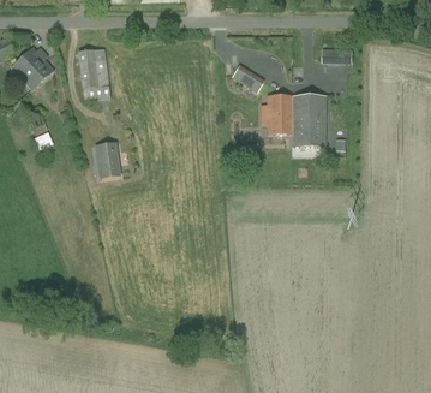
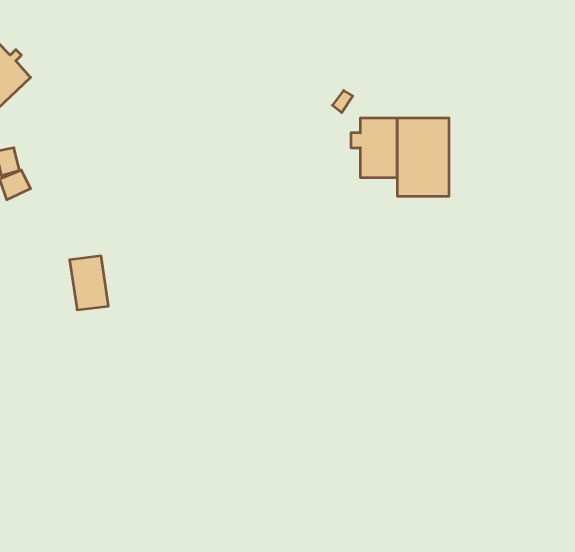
building: [78,49,109,89] -> none
building: [95,143,120,178] -> [70,256,108,310]

